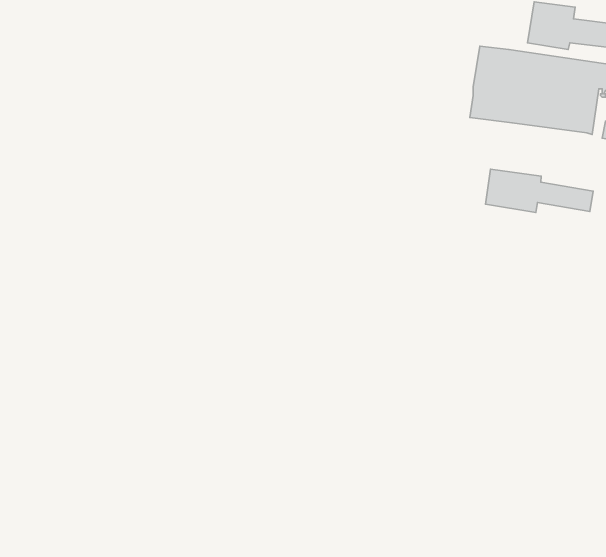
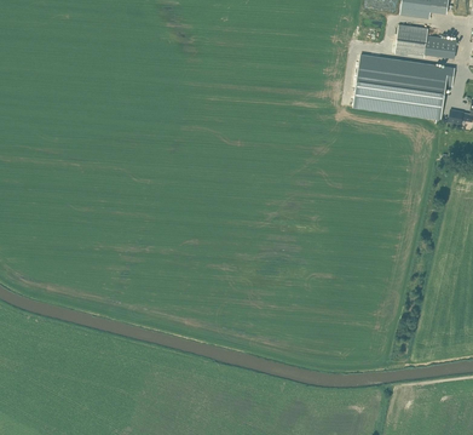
building: [486,169,593,213] -> none

